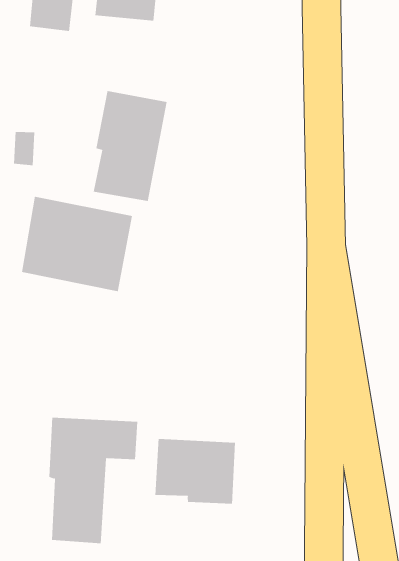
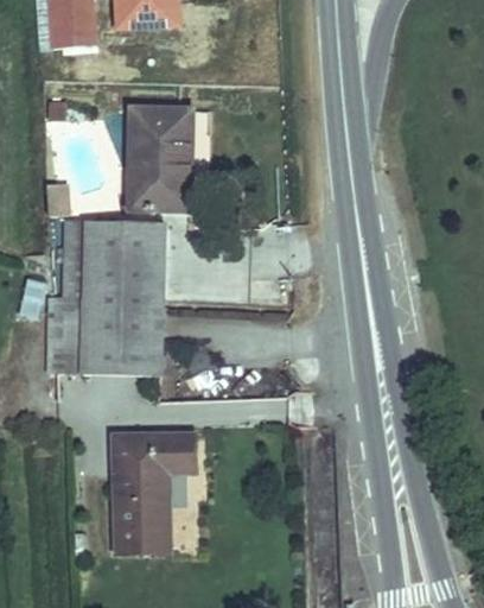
building: none -> [56,302,161,390]
building: [155,438,236,505] -> none

